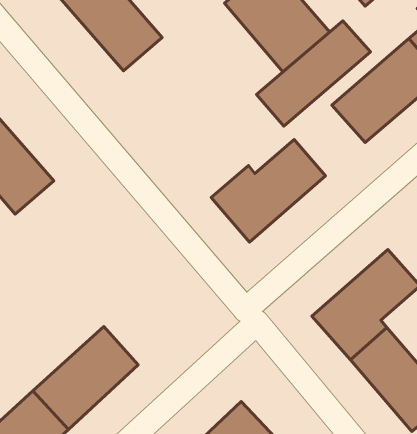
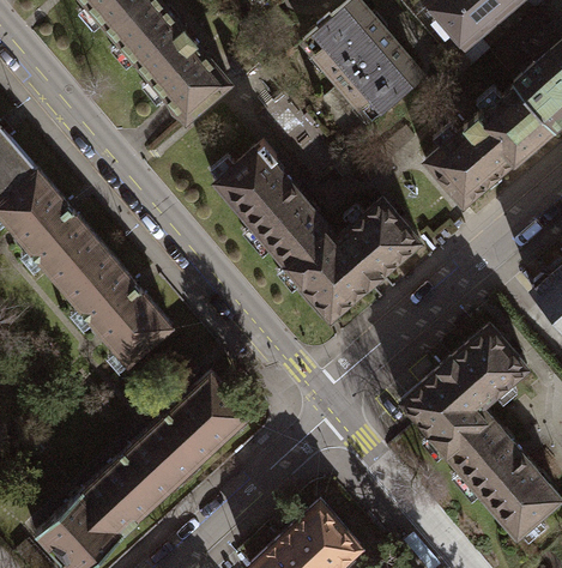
building: [257,21,371,126] -> none
building: none -> [214,140,330,266]
building: none -> [61,247,173,363]
building: none -> [163,373,249,459]

